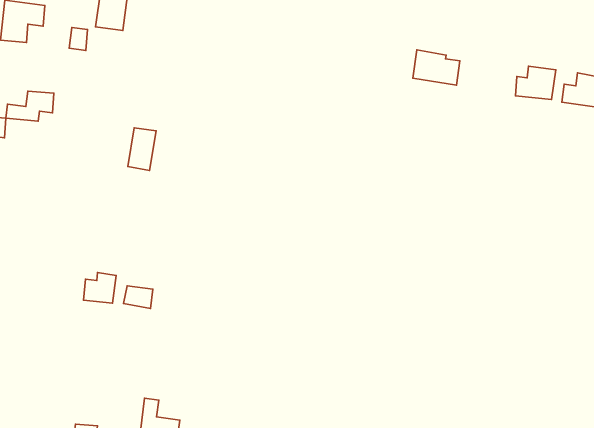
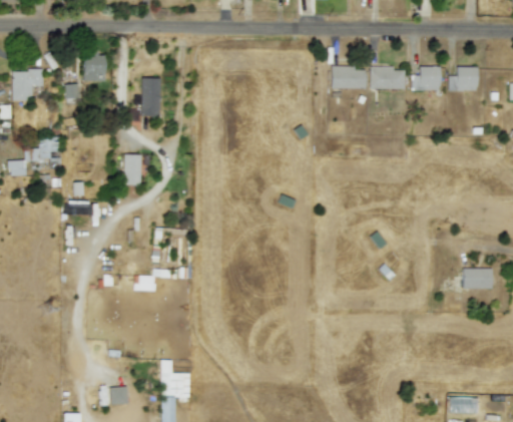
building: none -> [141,77,160,116]
building: none -> [370,66,405,89]
building: [84,272,116,303] -> none
building: none -> [462,268,492,288]

